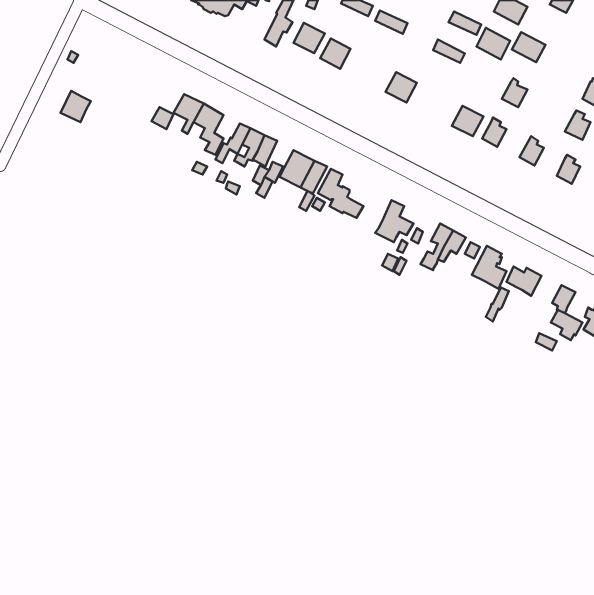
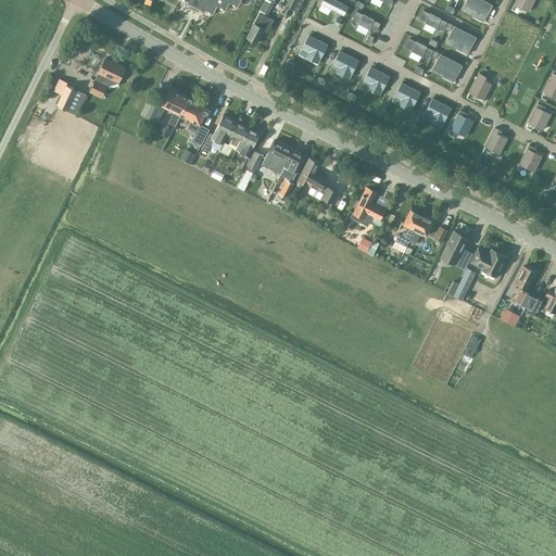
building: [293,23,325,53] -> [330,51,359,79]
building: [512,32,546,62] -> [431,54,463,83]
building: none -> [90,59,126,97]
building: none -> [392,83,421,112]

